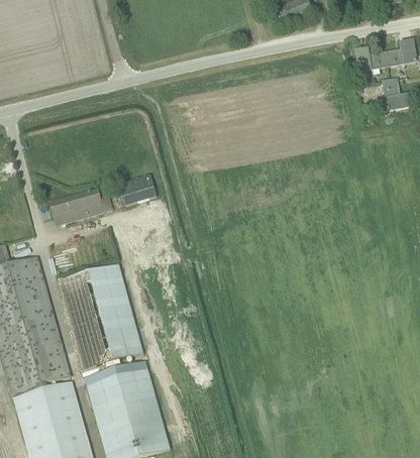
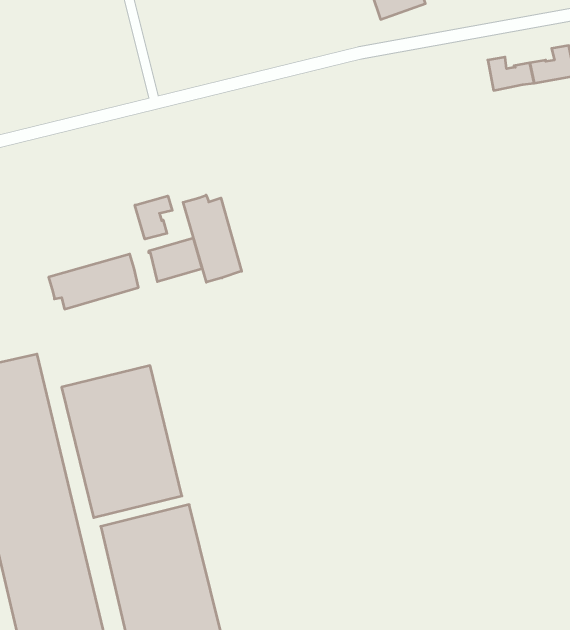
building: [379,79,407,110] -> none
building: none -> [183,195,242,282]
building: none -> [135,196,172,239]

